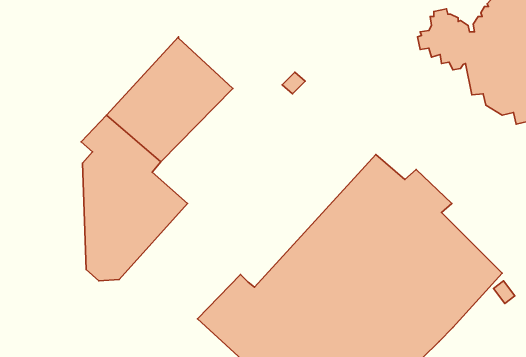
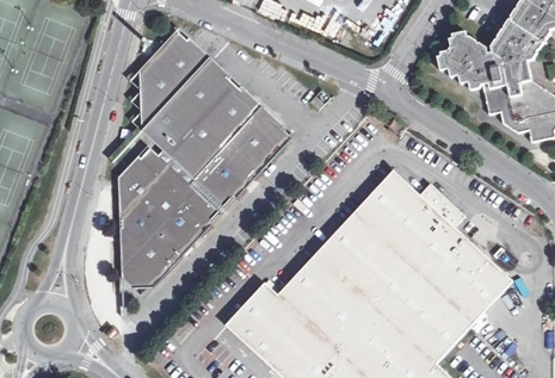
building: none -> [127,27,208,131]
building: none -> [183,106,290,215]

